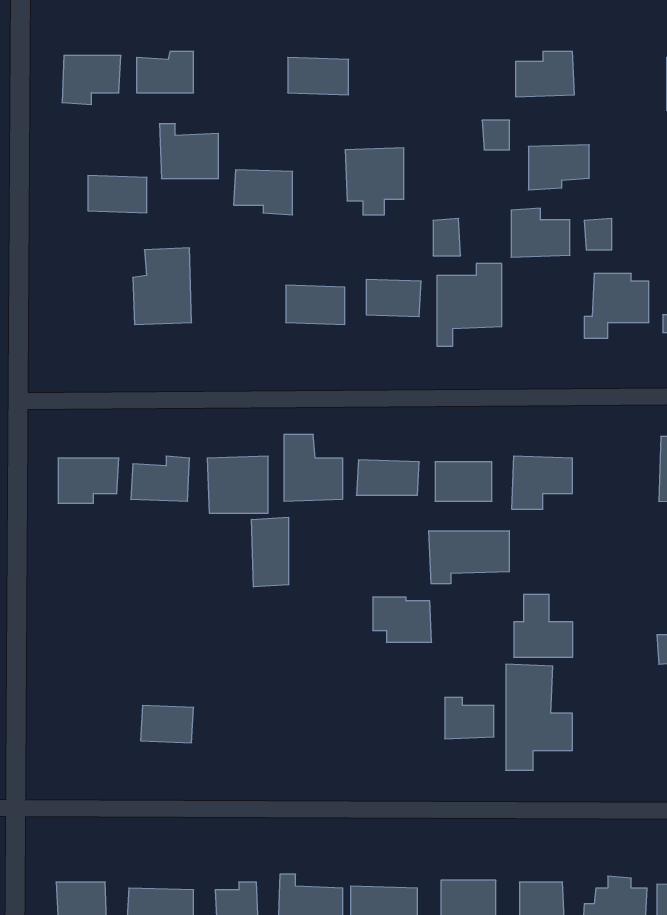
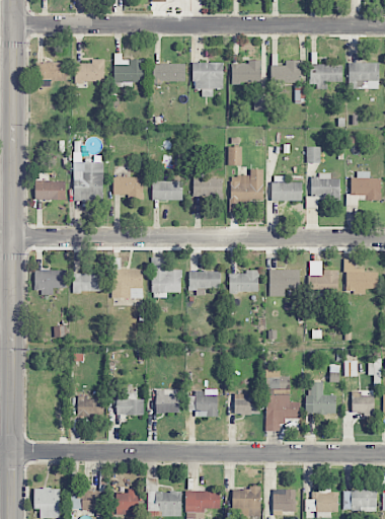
building: none -> [231,62,260,83]
building: [159,124,218,179] -> [113,54,144,82]
building: [528,145,589,190] -> [310,64,341,87]
building: [345,148,404,215] -> [192,62,223,96]
building: [234,170,293,215] -> [112,176,143,200]
building: [88,175,147,213] -> [34,180,65,200]
building: [511,208,570,257] -> [272,175,302,201]
building: none -> [308,271,338,292]
building: [251,517,289,587] -> none
building: [429,531,509,584] -> none
building: [514,594,573,657] -> [305,381,335,414]
building: [373,597,432,642] -> [187,393,218,417]
building: none -> [155,389,179,413]
building: none -> [117,391,144,416]

